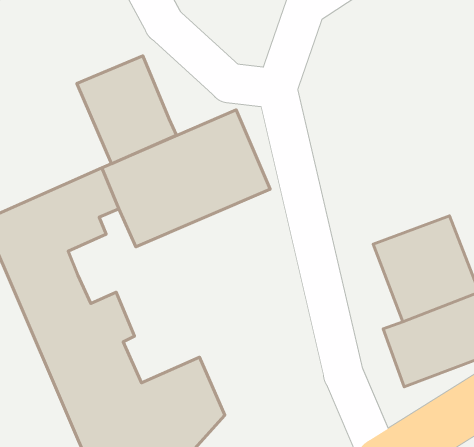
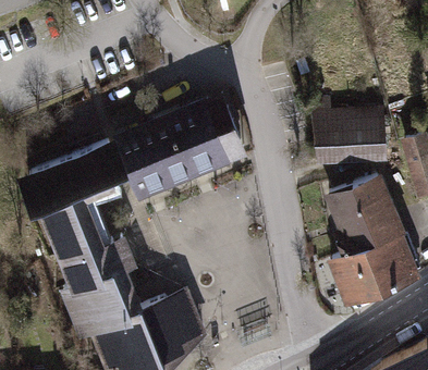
building: [77,56,176,164] -> none
building: none -> [309,111,391,165]

